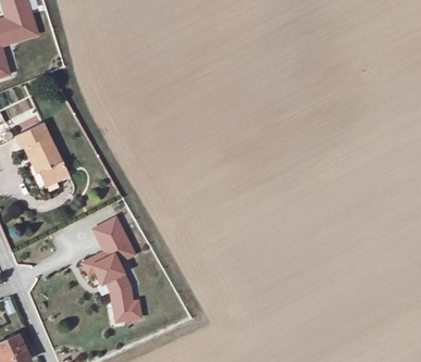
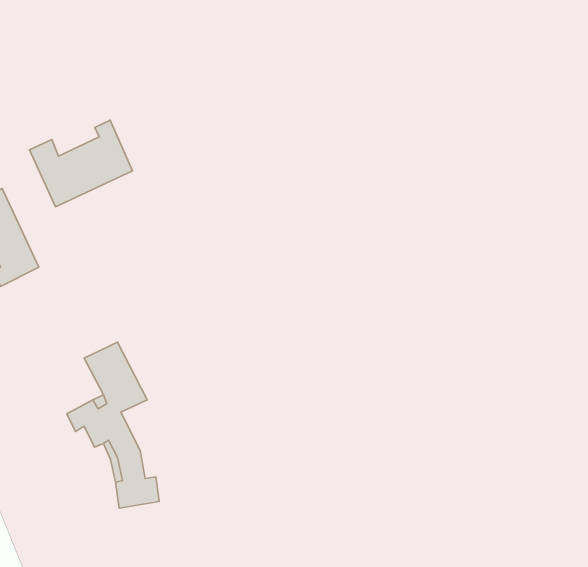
building: none -> [30,120,132,207]

